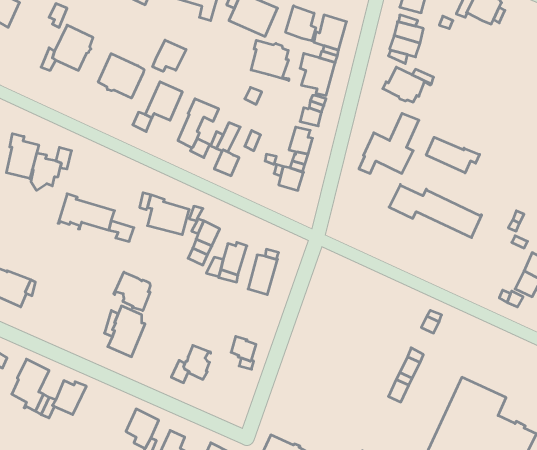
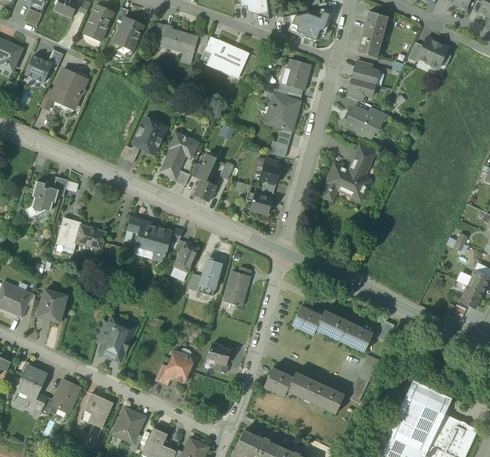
building: [286,6,316,41] -> none
building: none -> [24,55,52,82]
building: [153,40,186,71] -> none
building: [251,40,289,81] -> none
building: [98,54,144,98] -> none
building: [6,134,39,179] -> none
building: [426,137,480,173] -> none
building: [389,184,482,238] -> [291,305,373,352]
building: [114,272,150,311] -> none
building: none -> [36,290,66,322]
building: none -> [263,367,343,413]
building: none -> [80,392,113,428]

